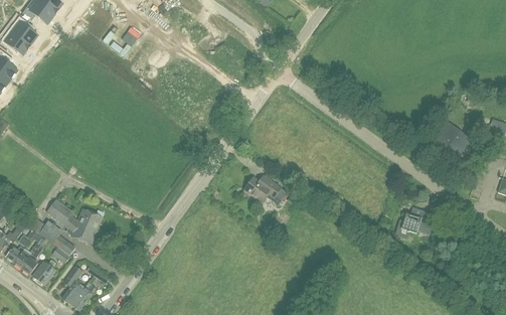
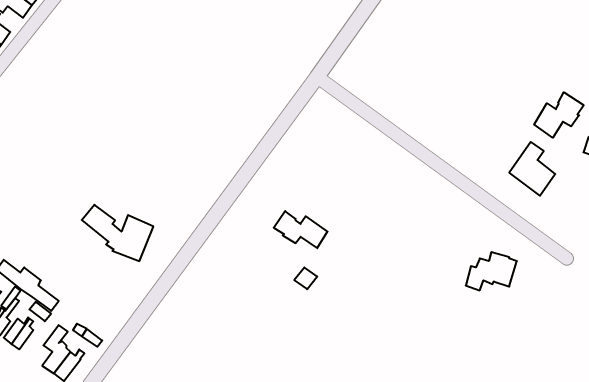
building: none -> [534,92,584,138]
building: [46,199,103,244] -> [82,205,153,261]

